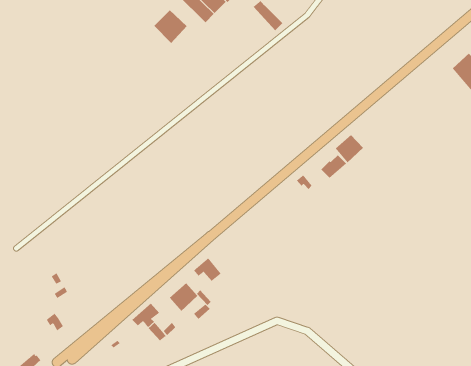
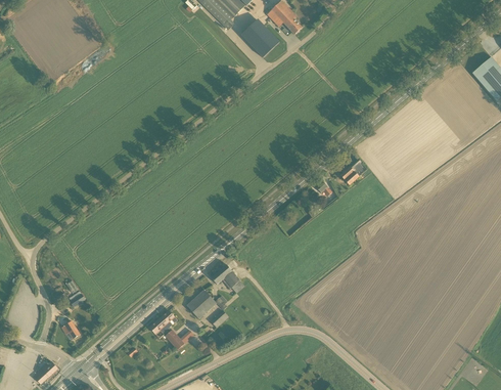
building: [154,9,188,44] -> none
building: none -> [243,21,278,56]
building: [335,134,364,163] -> none

